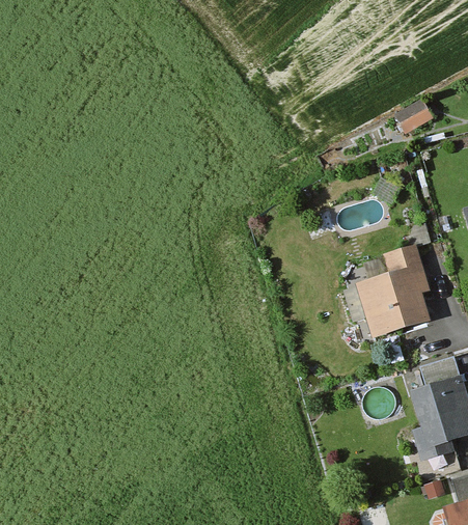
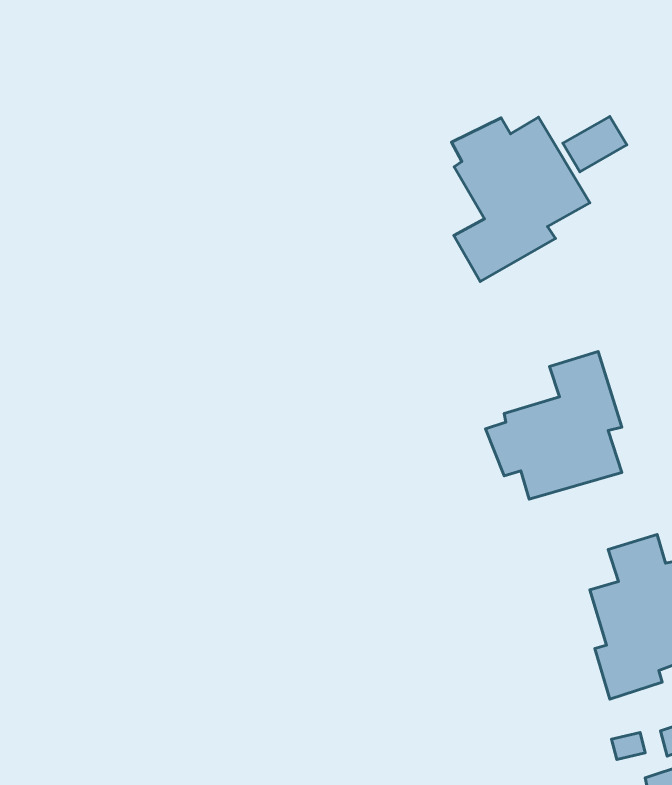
building: none -> [451,117,590,281]

